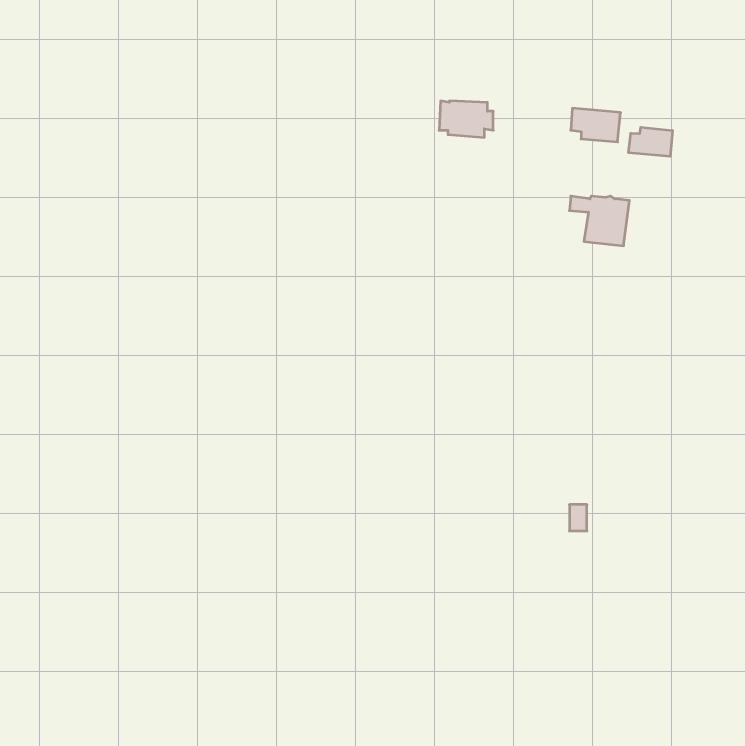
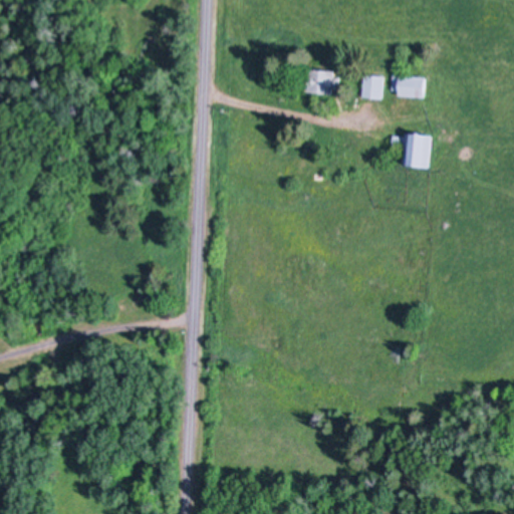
building: none -> [362,75,383,99]
building: [629,127,672,156] -> none

